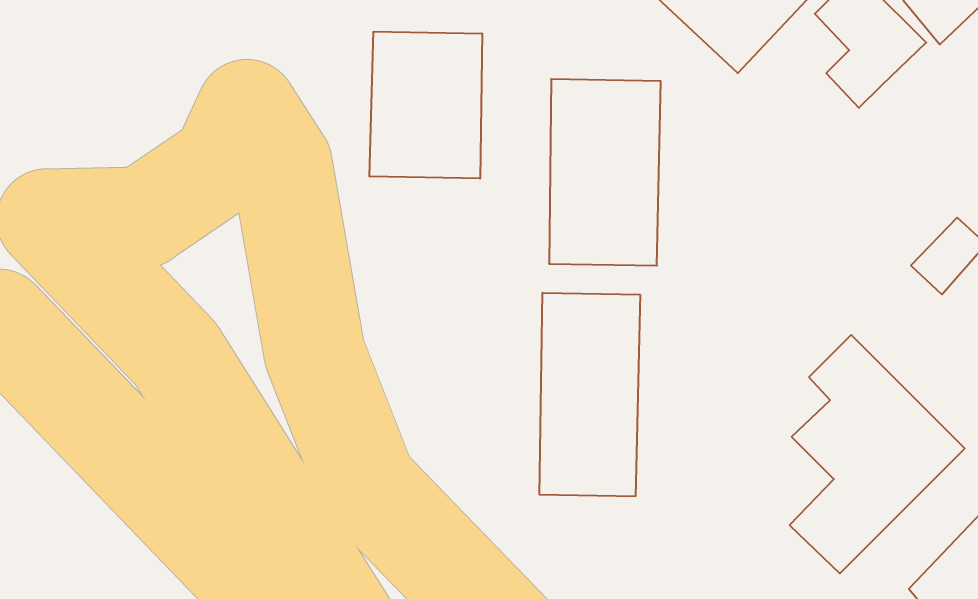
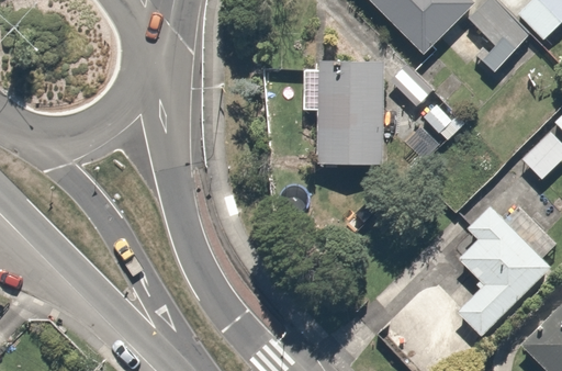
building: [370,32,482,179] -> none
building: [540,293,640,496] -> none

